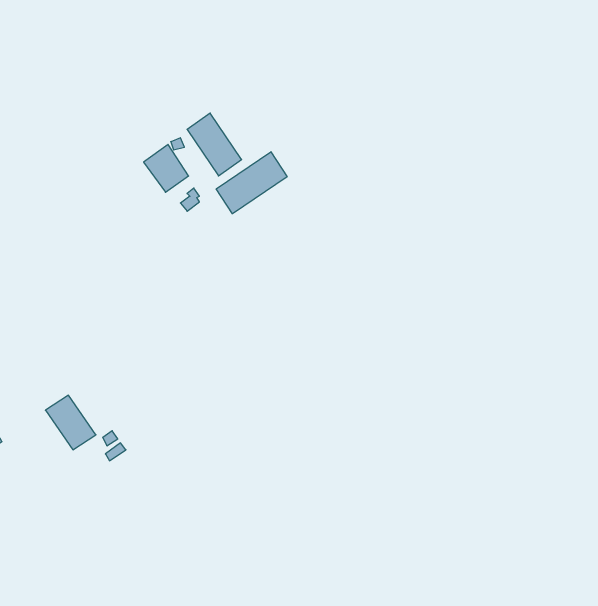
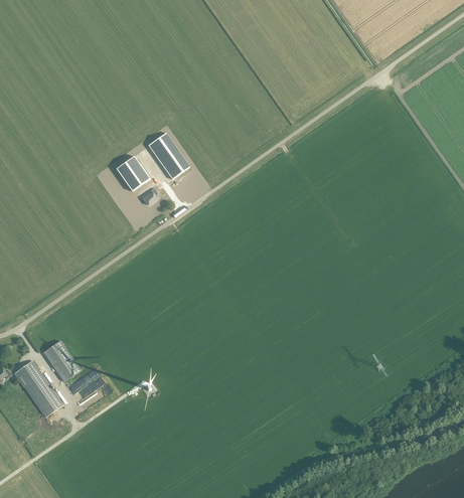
building: [216,152,287,214] -> none
building: none -> [14,360,62,417]

